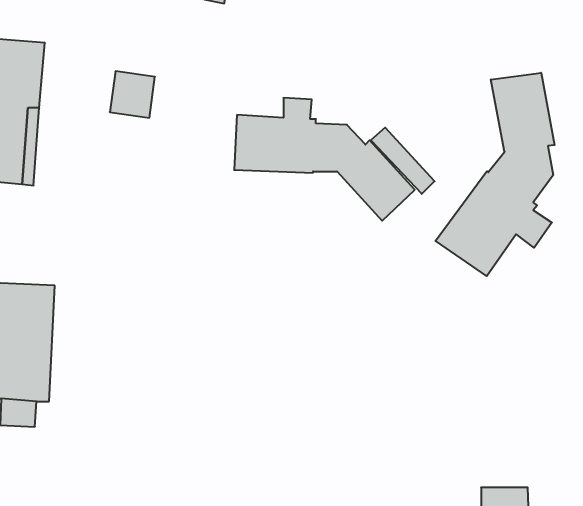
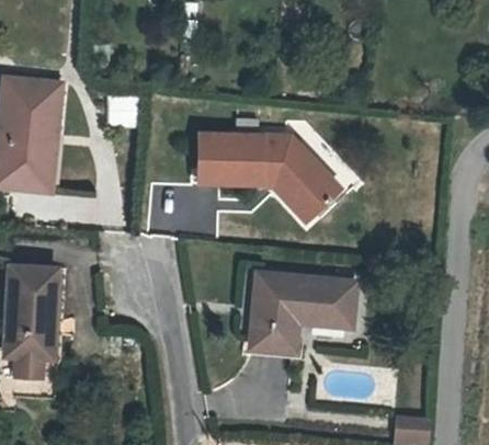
building: [435,73,555,276] -> none
building: none -> [201,176,317,224]
building: none -> [247,270,352,347]

